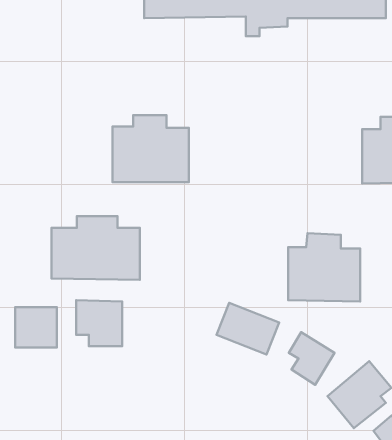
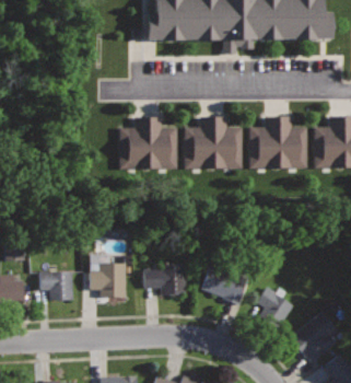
building: none -> [186,116,242,169]
building: [51,216,140,280] -> none
building: [288,233,360,301] -> [249,116,306,170]
building: none -> [143,264,186,297]

